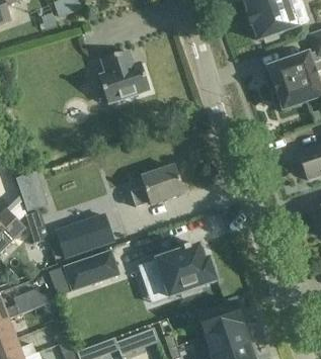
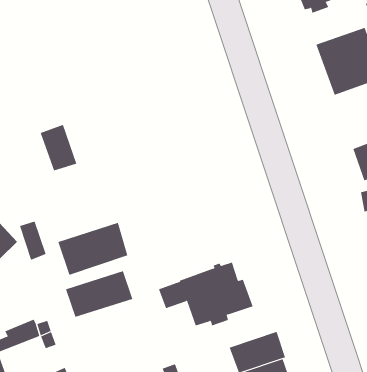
building: [98,50,149,100] -> none
building: [131,164,184,206] -> none
building: [16,172,47,210] -> [40,124,77,171]

